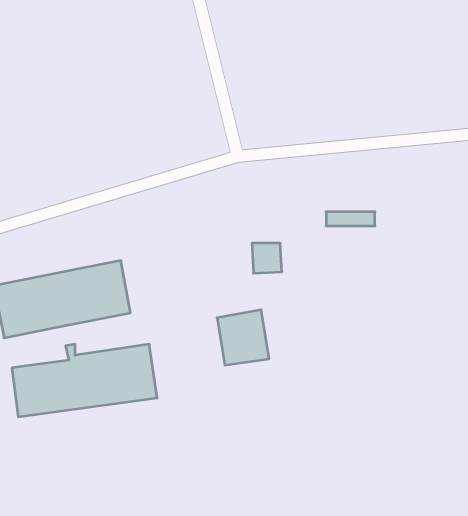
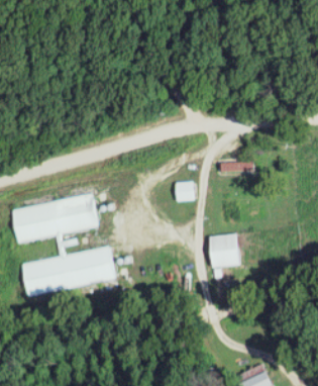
building: [217,310,269,365] -> [208,233,241,269]

